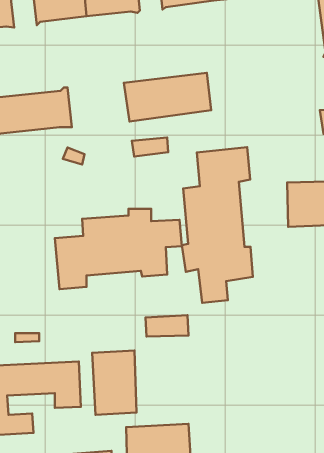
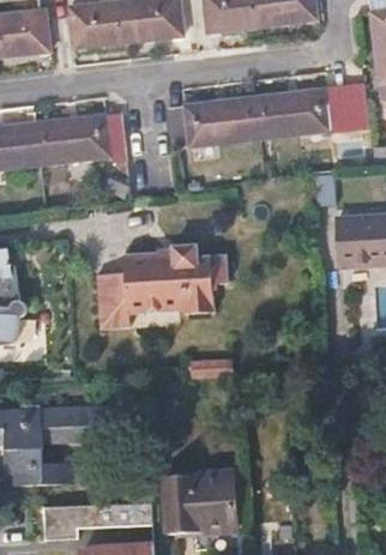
building: none -> [254,85,350,139]
building: [182,147,253,303] -> none
building: [92,351,137,415] -> none

